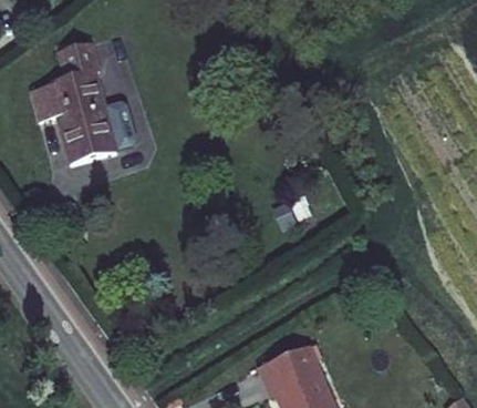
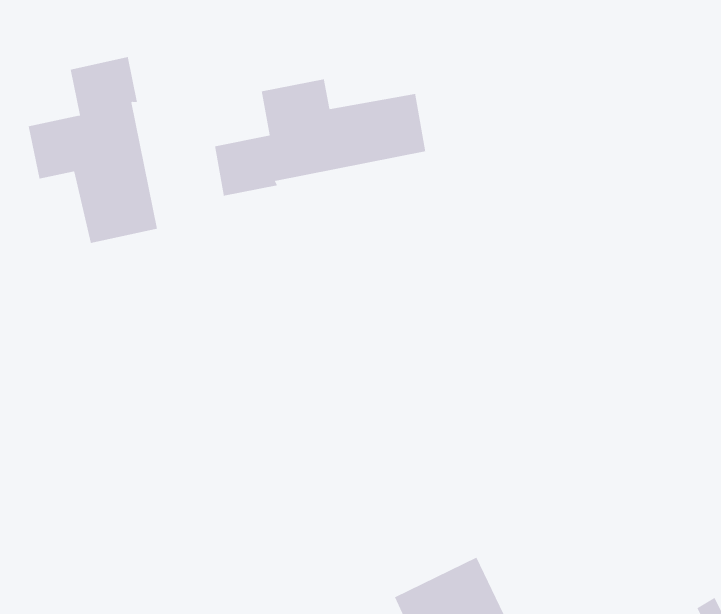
building: none -> [215,78,426,197]

